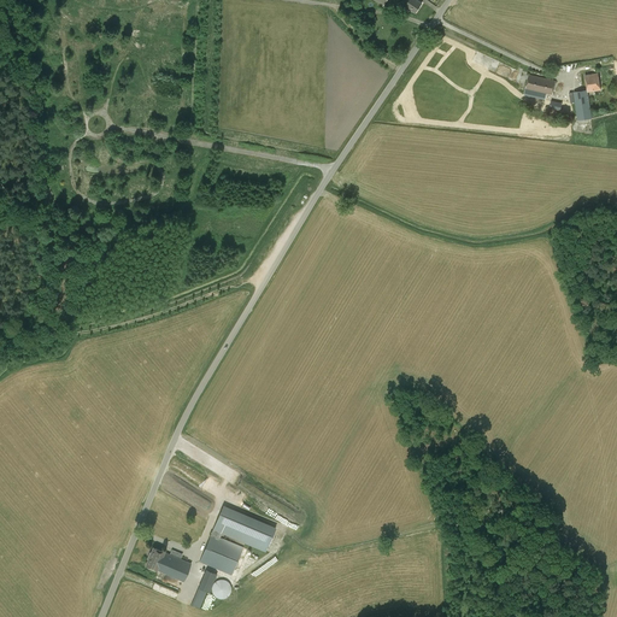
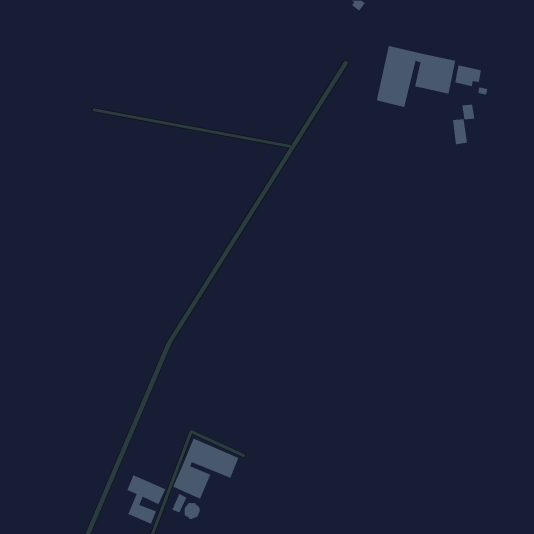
building: none -> [376,45,456,108]
building: [574,74,600,121] -> [452,104,475,145]

